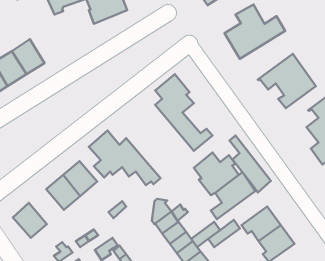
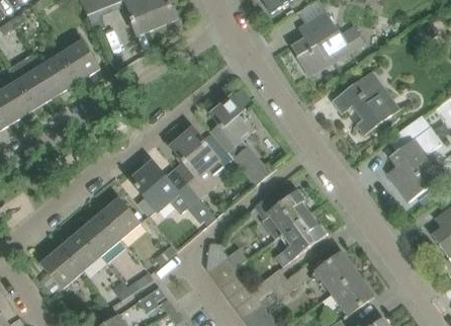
building: none -> [61,39,100,81]
building: none -> [171,128,224,197]
building: [229,135,271,192] -> none
building: none -> [60,231,101,272]

